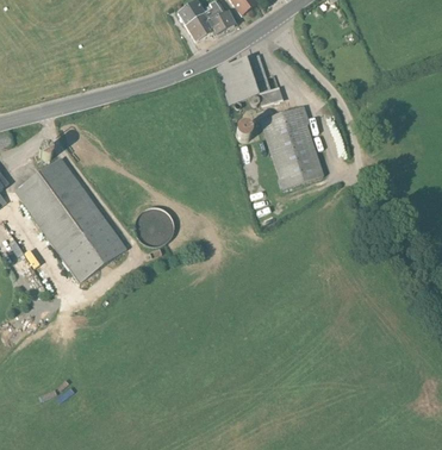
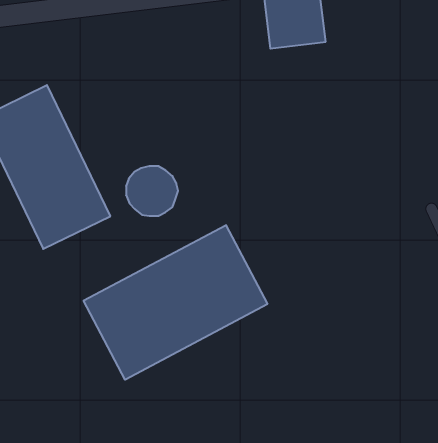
building: [260,105,325,189] -> none
building: none -> [84,225,267,380]

